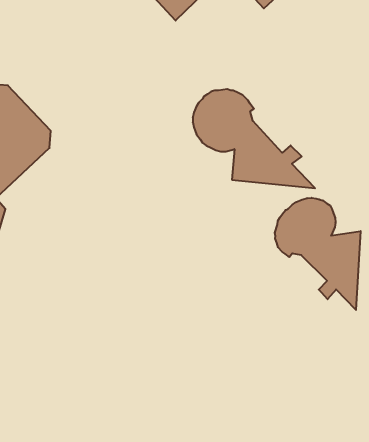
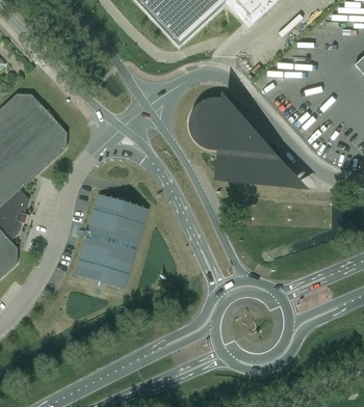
building: [275,198,361,310] -> none
building: none -> [74,193,149,289]

